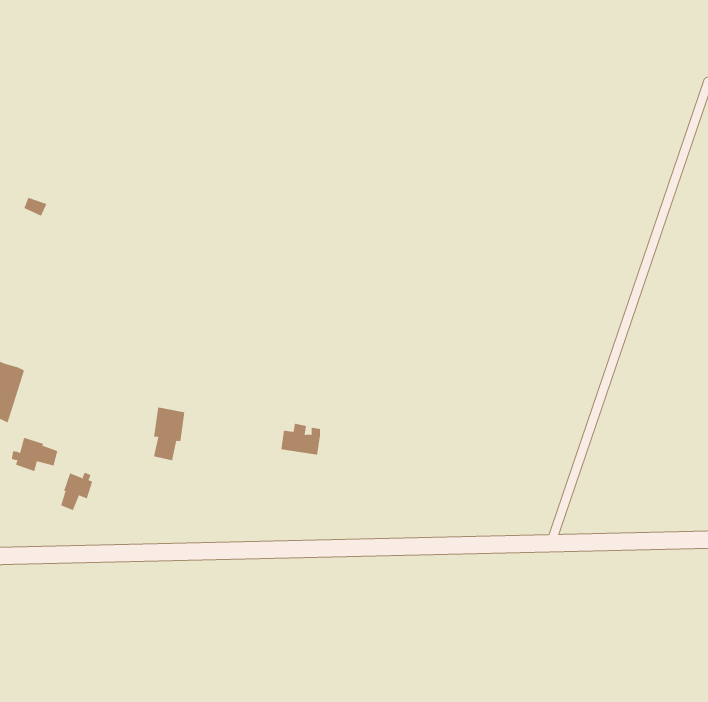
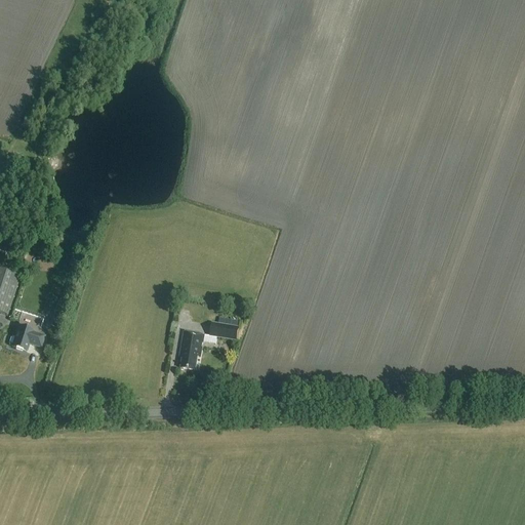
building: [153,407,185,461] -> [179,328,203,368]
building: [61,472,93,511] -> none

